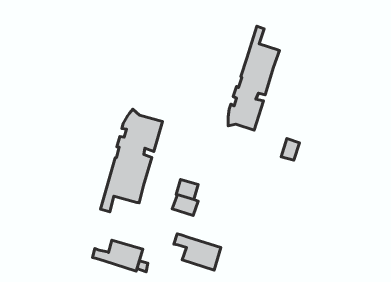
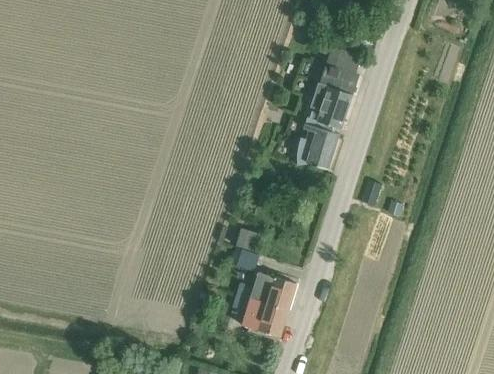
building: [100,109,162,212] -> none
building: [92,240,143,271] -> [236,272,296,309]

